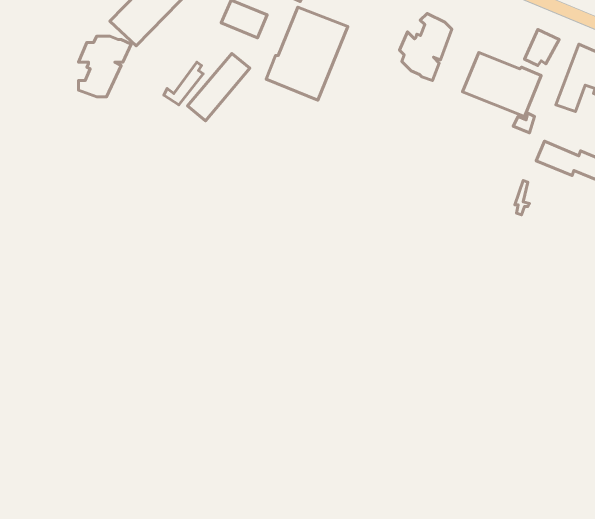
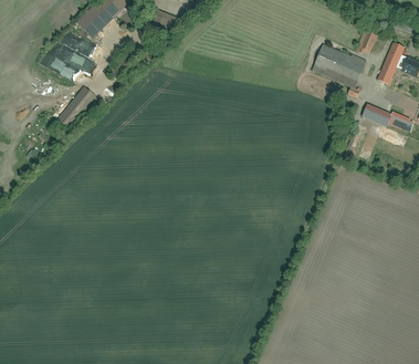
building: [266,7,348,100] -> none
building: [399,14,452,81] -> none
building: [188,53,250,121] -> [55,86,97,132]

